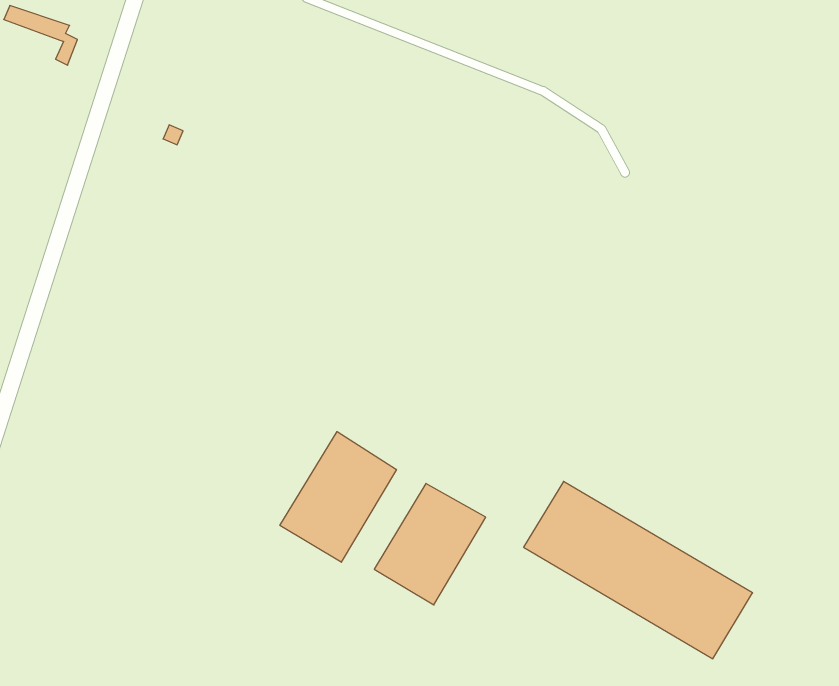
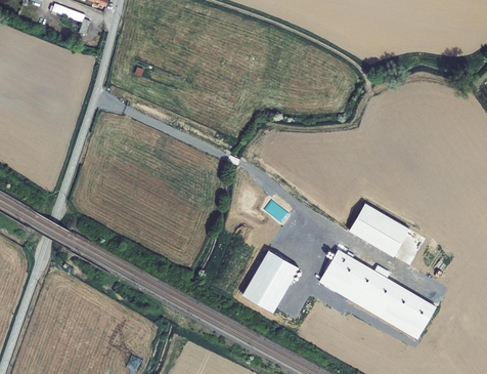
building: none -> [349,203,409,256]
building: [280,432,396,562] -> none

